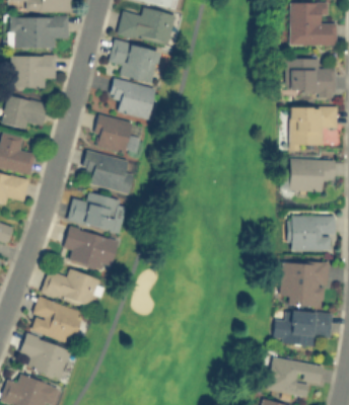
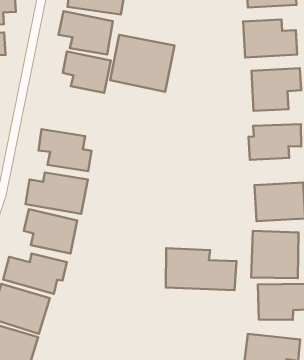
building: none -> [110,35,175,92]
building: [91,114,134,154] -> none
building: none -> [166,248,236,290]

